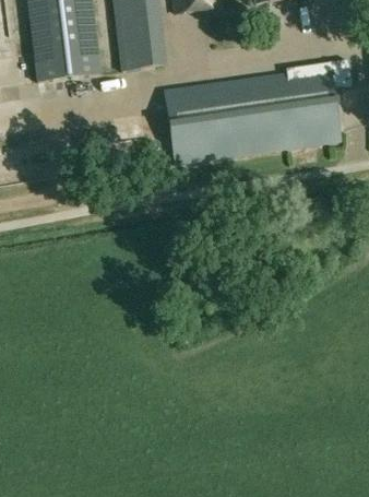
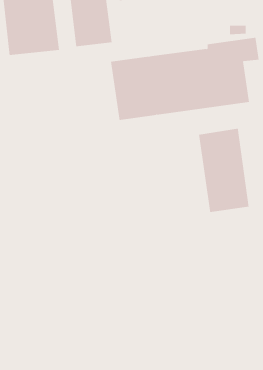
building: none -> [199,128,249,213]

